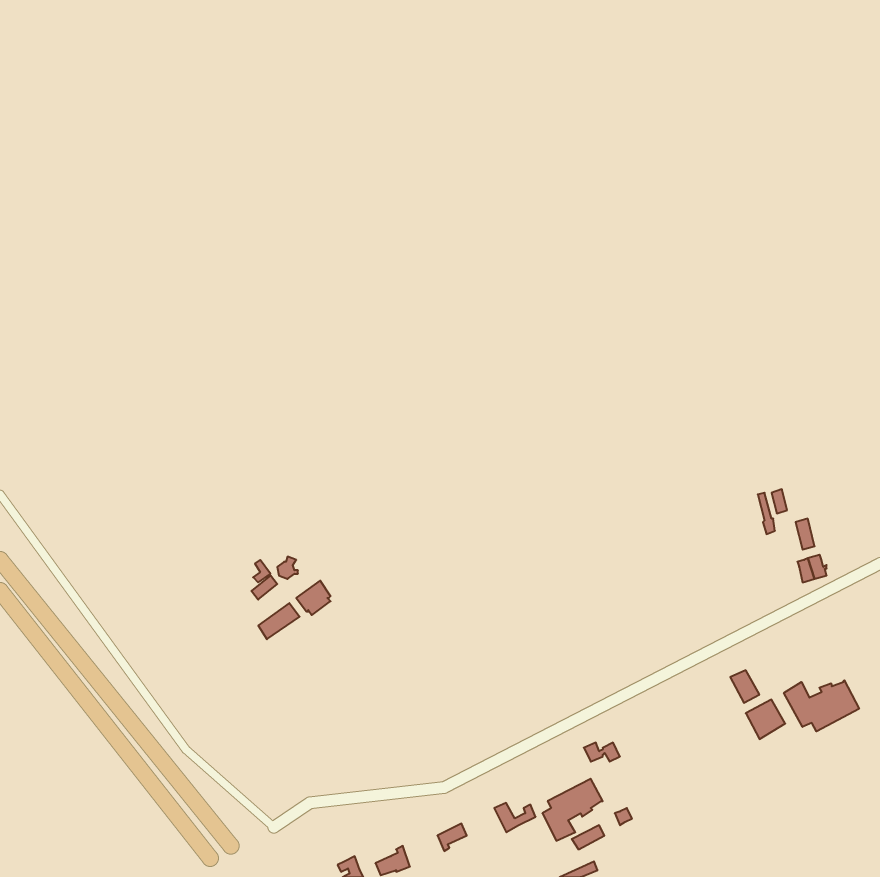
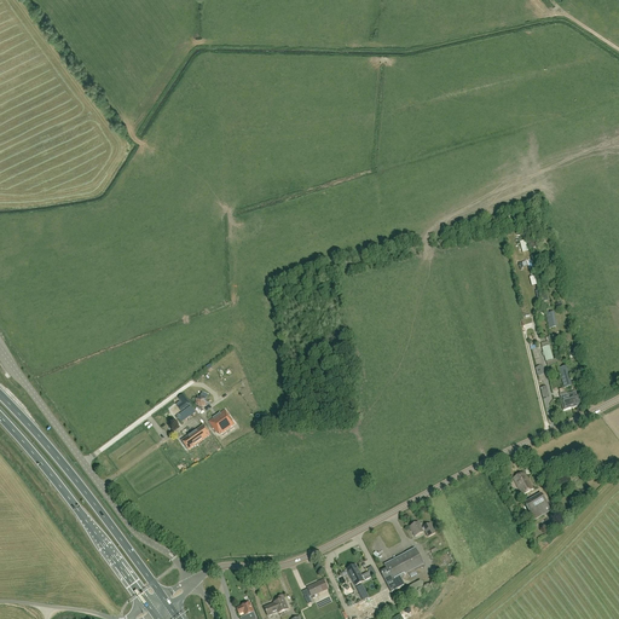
building: [784,680,859,731] -> none

